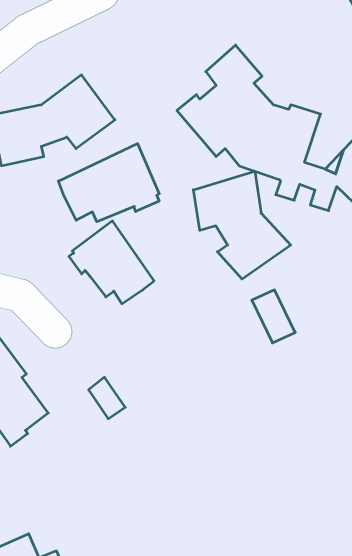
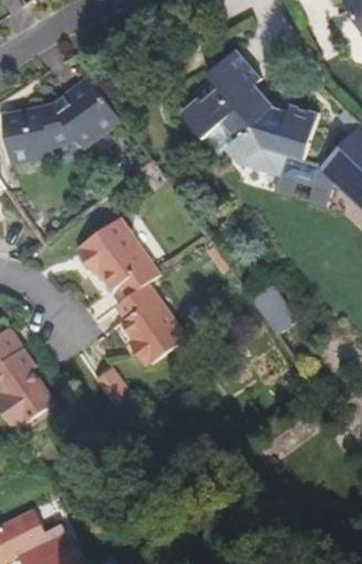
building: [58,144,159,222] -> none
building: [193,171,291,279] -> none
building: none -> [114,283,186,365]

